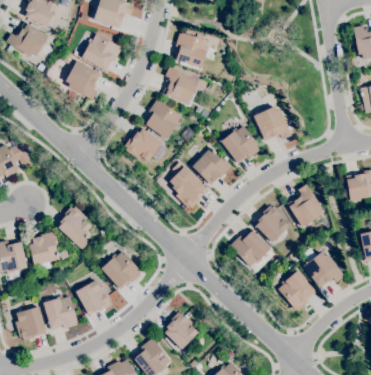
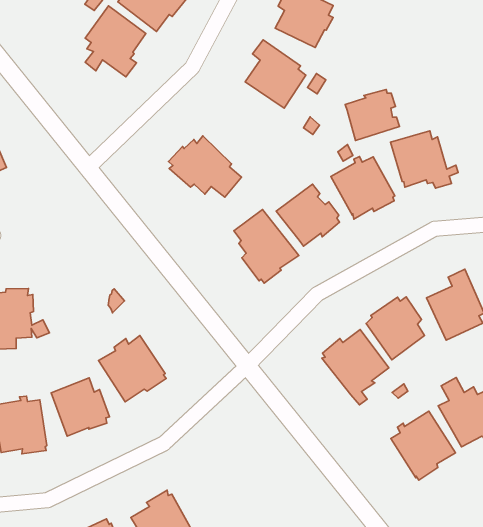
building: none -> [345,89,400,141]
building: [143,100,181,139] -> none
building: [56,205,93,250] -> none
building: [163,311,199,349] -> none

